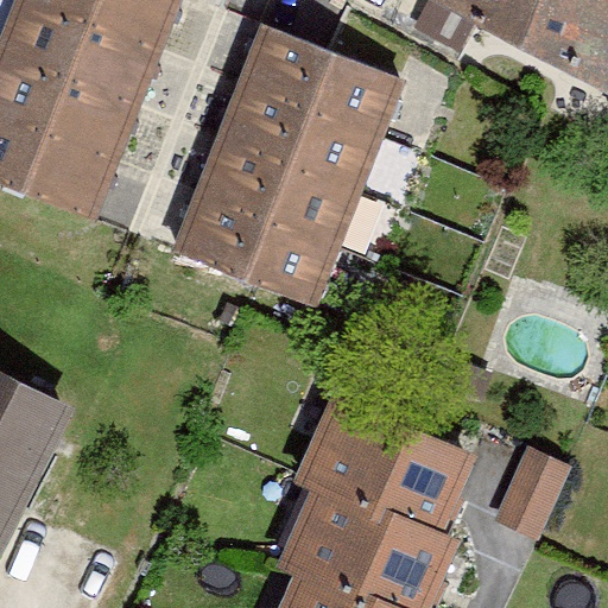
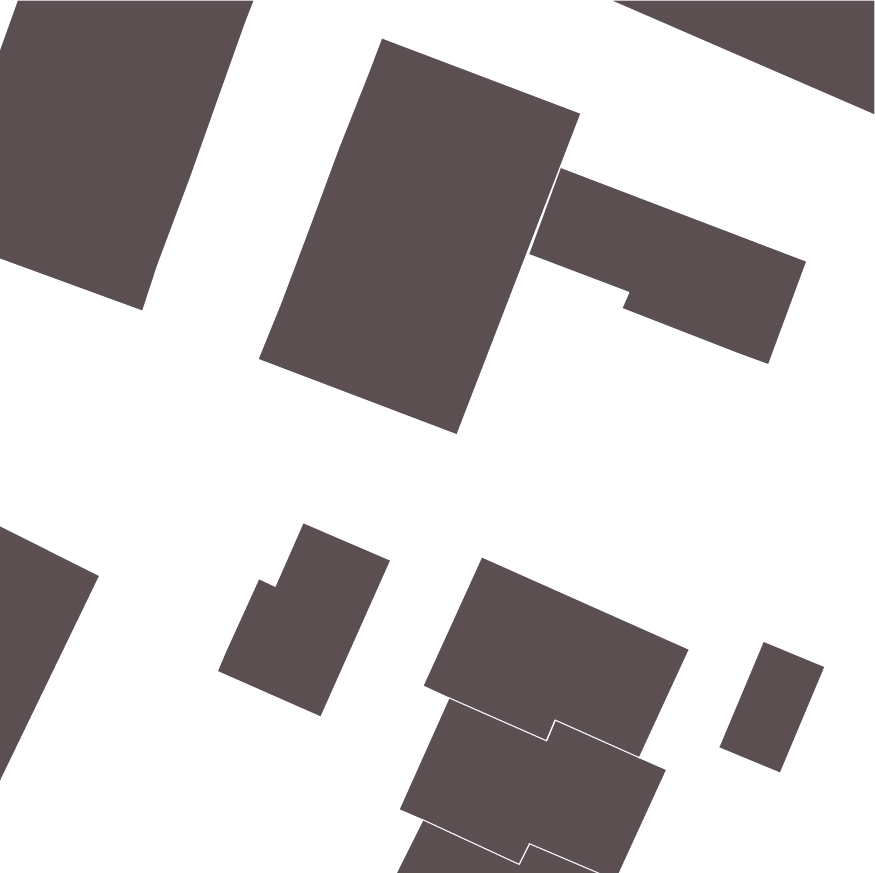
building: none -> [529,167,807,365]
building: none -> [217,522,391,717]

